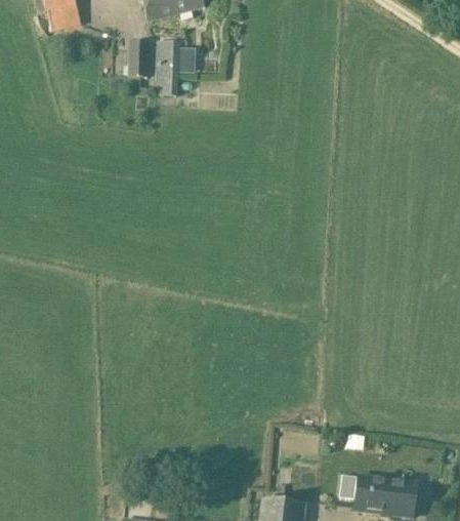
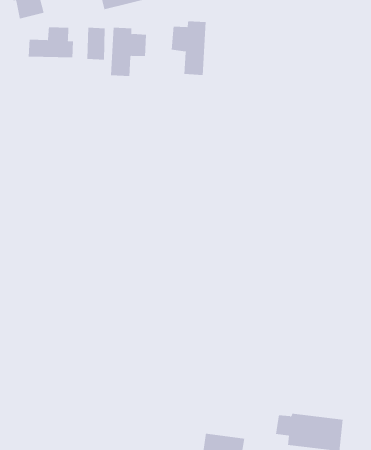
building: none -> [171,20,206,76]
building: none -> [28,26,73,58]

